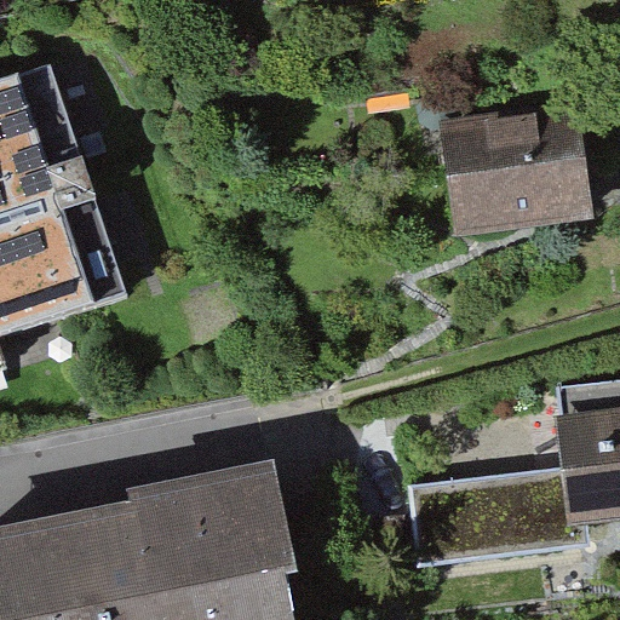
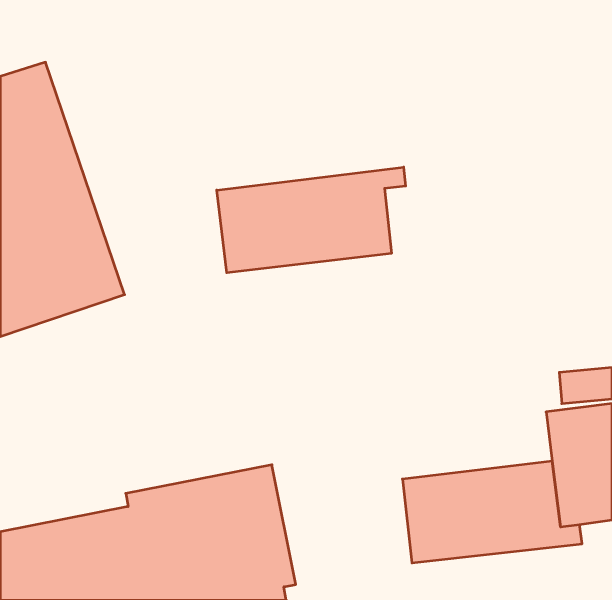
building: [441,101,595,239] -> none
building: none -> [217,167,406,273]

